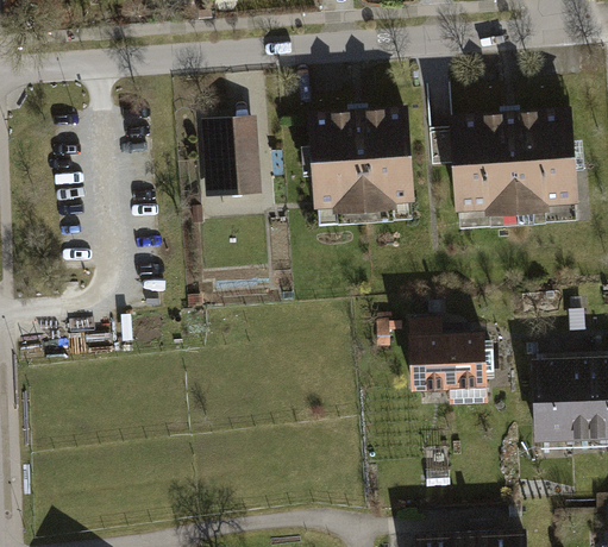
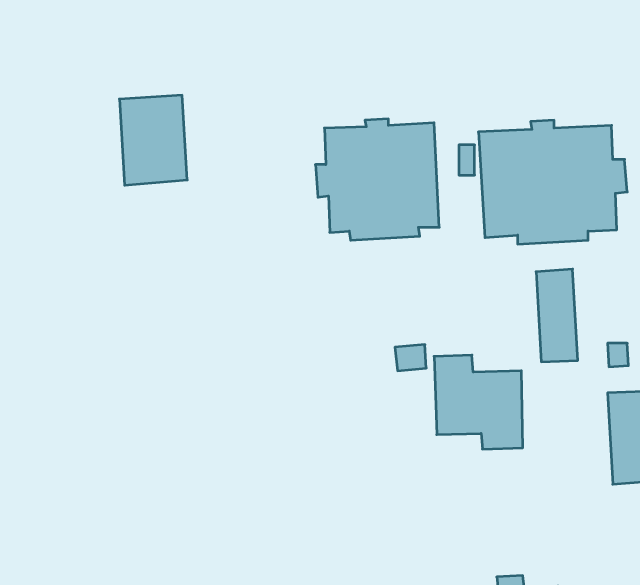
building: [199,120,261,202] -> [119,95,187,185]
building: [534,359,572,444] -> [536,269,578,362]

